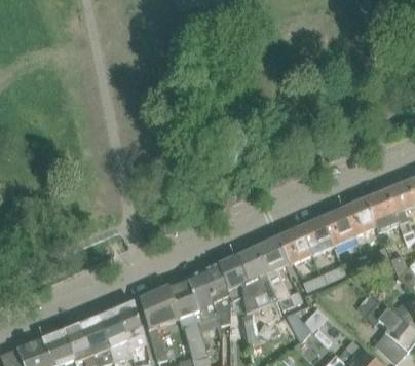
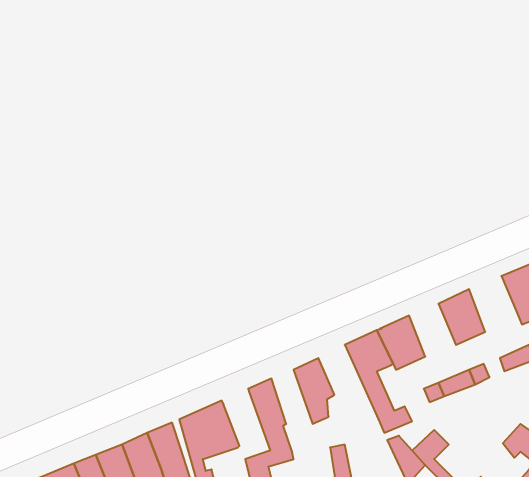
building: [342,197,377,236] -> none
building: [300,217,333,254] -> none
building: [236,246,278,313] -> none
building: [203,263,230,326] -> none
building: [169,280,202,327] -> none

